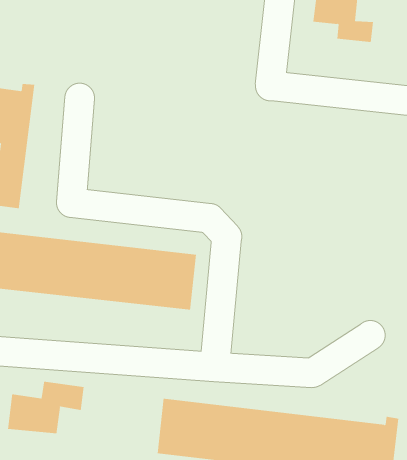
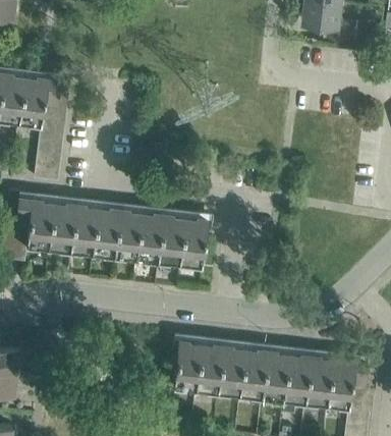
building: [7,381,84,434] -> none

